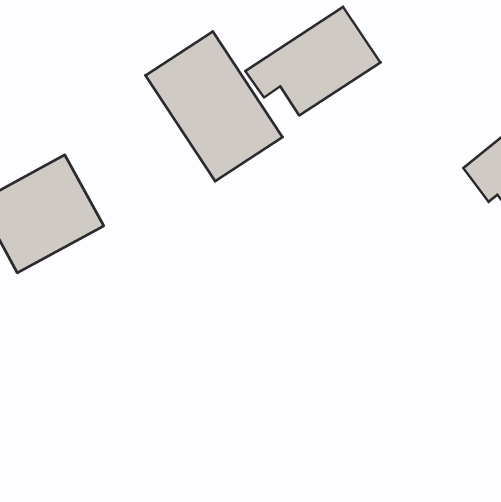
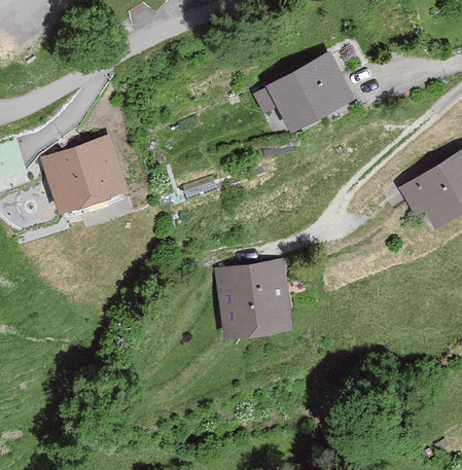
building: [145,31,283,181] -> none
building: none -> [216,260,293,342]

